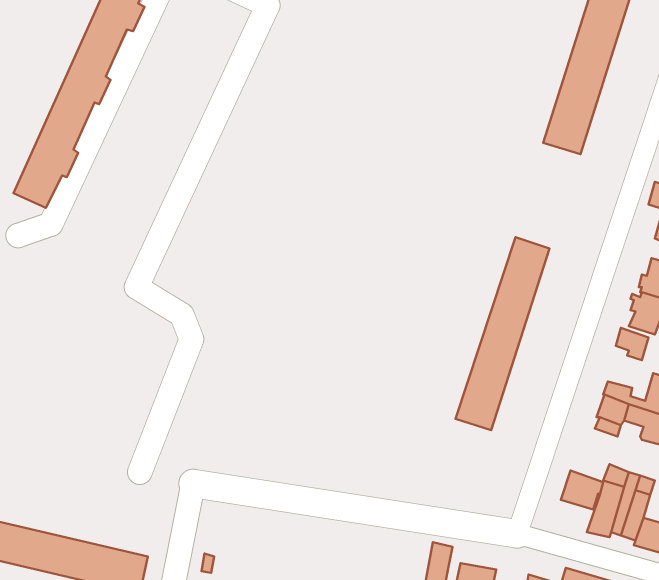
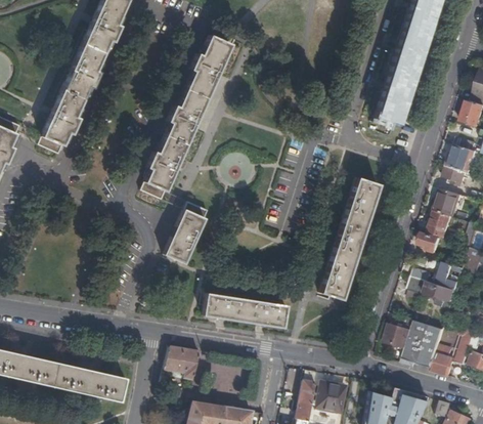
building: none -> [141,43,231,208]
building: none -> [163,201,207,263]
building: none -> [203,293,286,327]
building: none -> [162,346,197,379]

